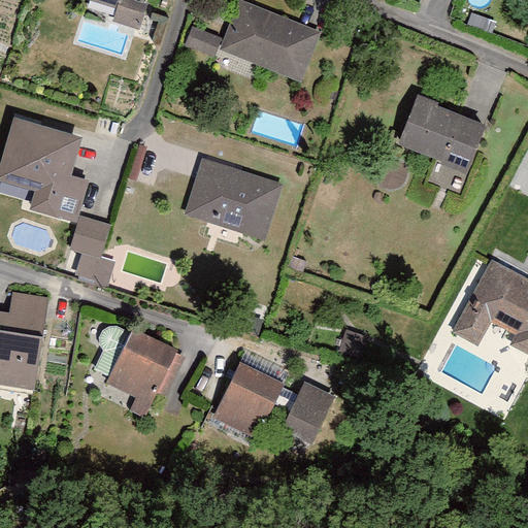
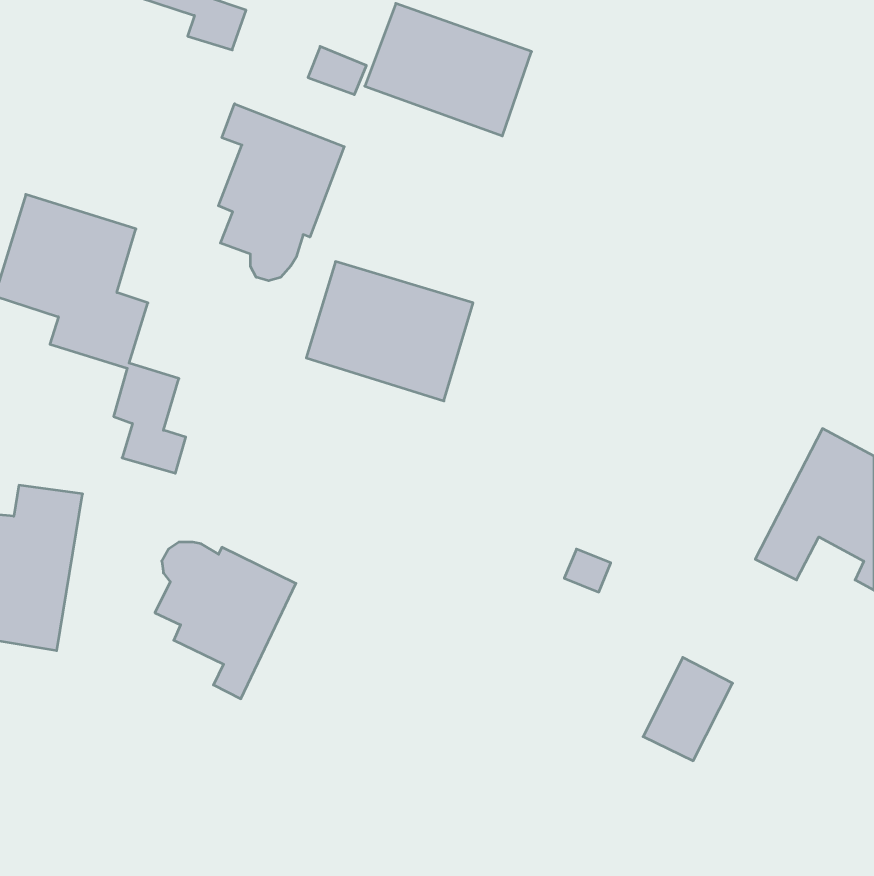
building: none -> [218,104,344,281]
building: [397,95,488,171] -> none
building: [213,360,285,439] -> none
building: [283,380,336,441] -> [643,657,733,761]

